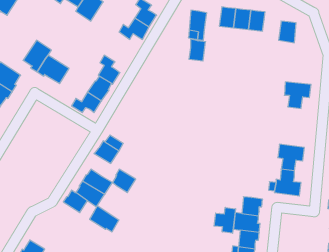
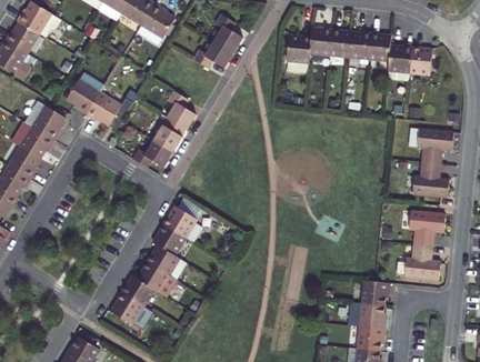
building: none -> [386,44,412,81]
building: [189,39,206,61] -> [311,24,333,53]
building: none -> [411,161,447,197]
building: [112,169,136,193] -> [154,223,186,254]
building: [90,206,119,232] -> [112,288,151,322]
building: [214,207,236,233] -> none

